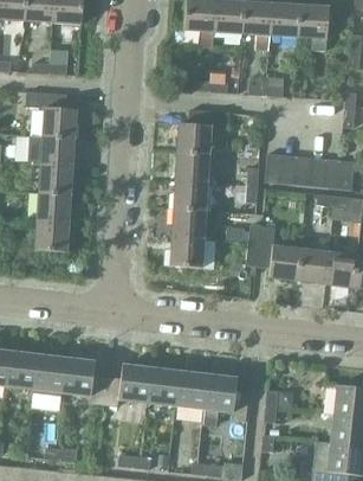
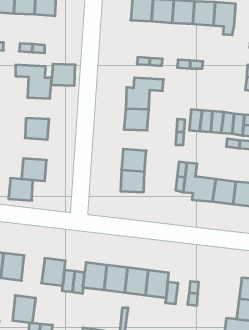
building: [41,136,74,166] -> [51,64,75,86]
building: [175,180,208,210] -> none
building: [38,192,71,223] -> [9,178,33,201]
building: [35,354,67,392] -> [13,295,36,323]

